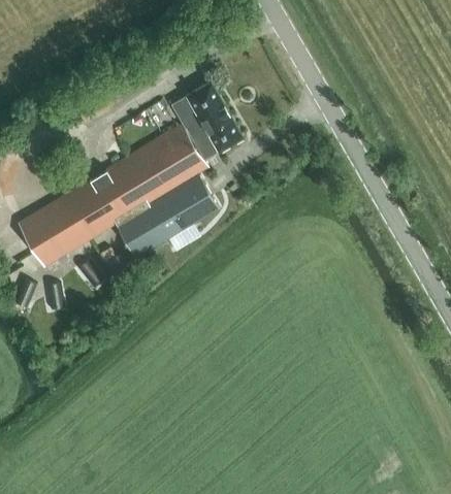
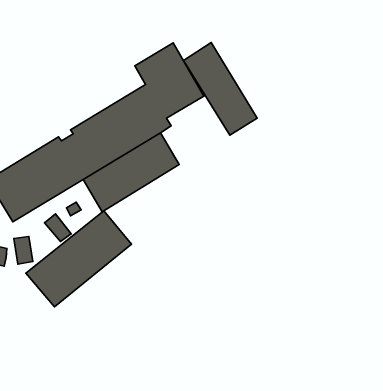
building: none -> [183,43,257,135]
building: none -> [26,211,131,307]

